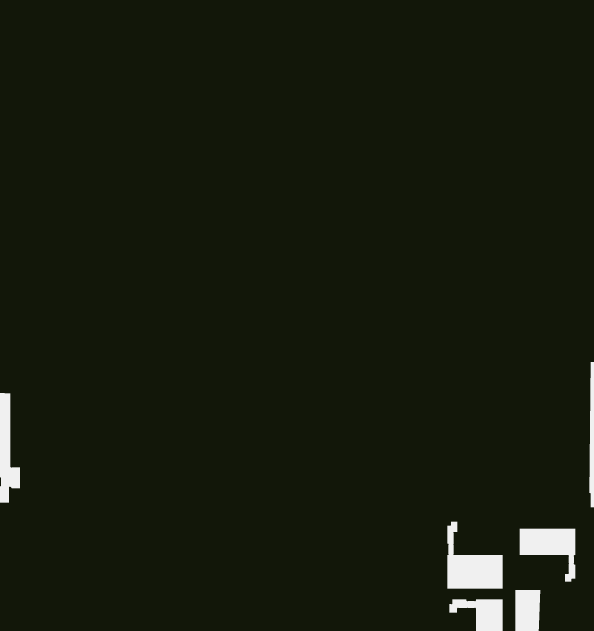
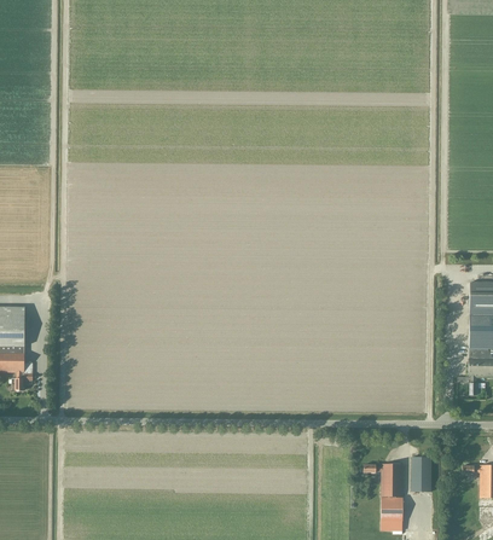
building: [447,521,503,589] -> none
building: [519,528,576,583] -> none

